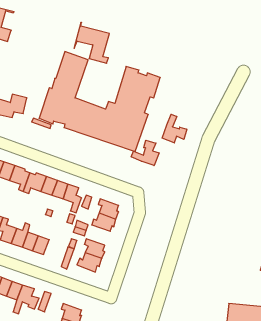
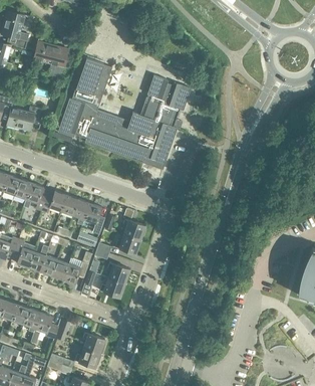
building: [74,23,109,63] -> [31,37,69,81]
building: [162,114,187,143] -> none
building: [131,140,159,166] -> none
building: none -> [63,252,92,283]

